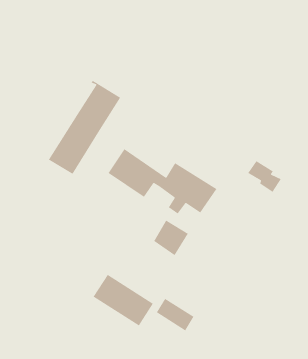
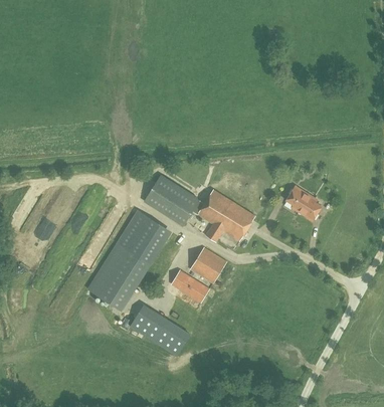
building: [48,80,121,175] -> [87,209,162,306]
building: [156,298,194,331] -> [170,269,209,303]

